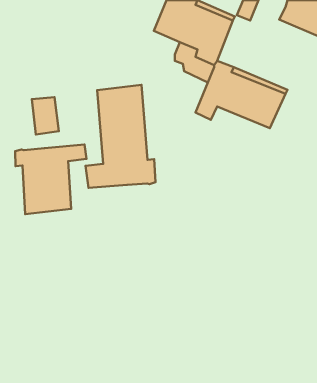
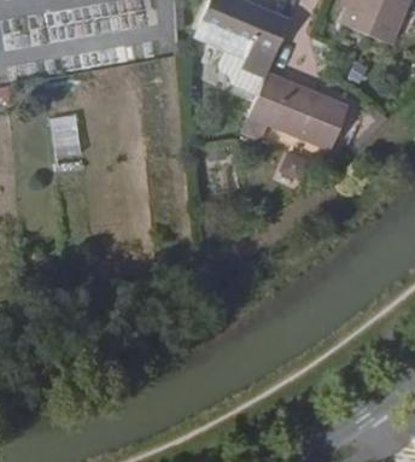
building: [86,85,155,188] -> none
building: [15,145,86,214] -> none

